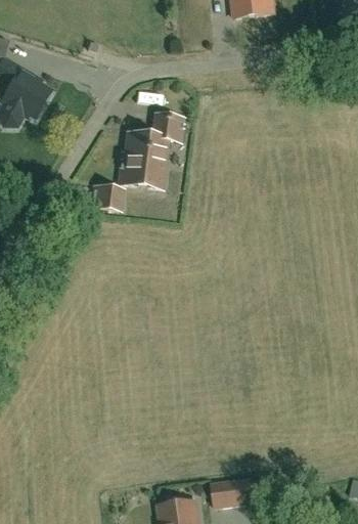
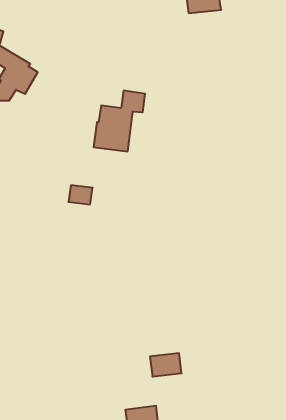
building: [92,185,122,209] -> [68,185,93,204]
building: [212,478,251,507] -> [150,353,182,377]

